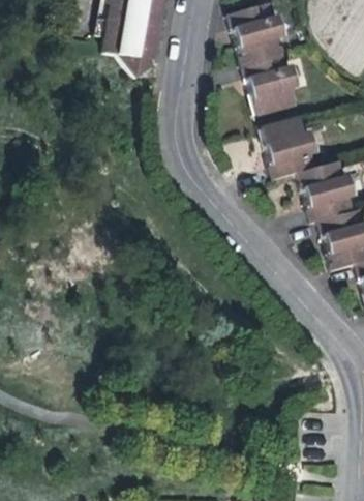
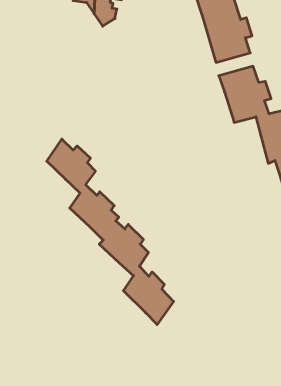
building: none -> [47,139,174,325]

